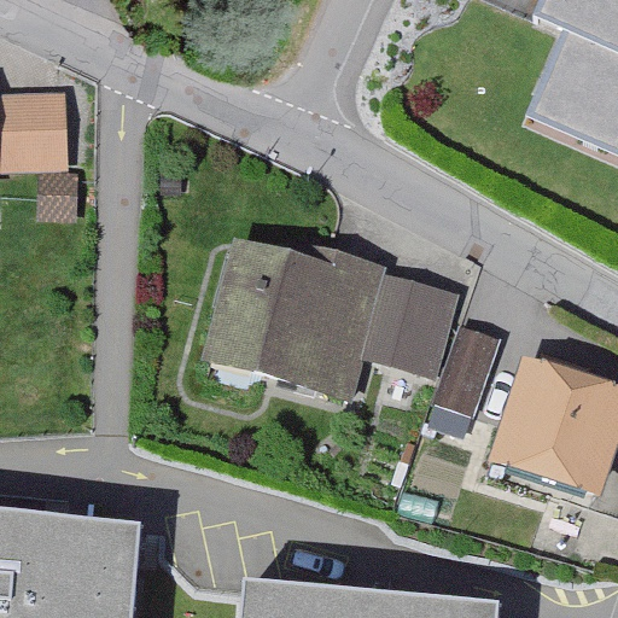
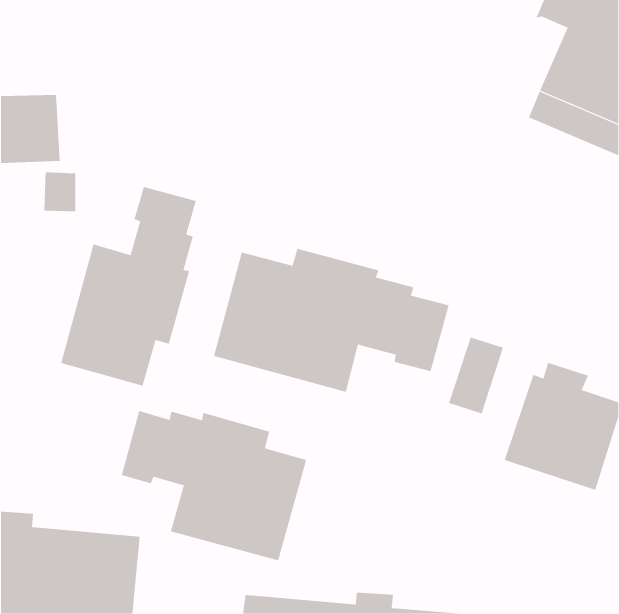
building: none -> [60,186,196,387]
building: none -> [121,410,307,561]

